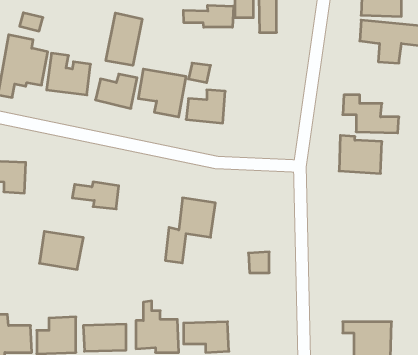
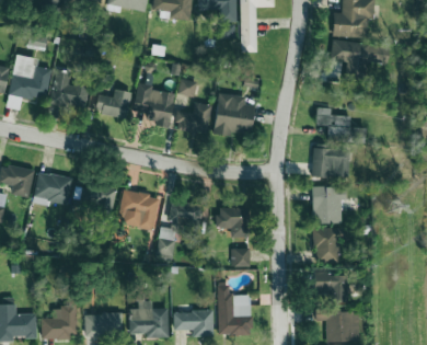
building: [183,5,233,27] -> none
building: [106,13,142,65] -> none
building: none -> [212,92,255,138]
building: none -> [312,186,346,223]
building: none -> [117,191,159,228]
building: none -> [217,207,249,237]
building: none -> [313,227,349,263]
building: [39,231,83,269] -> [33,172,72,206]
building: none -> [313,273,348,302]
building: none -> [217,283,251,335]

